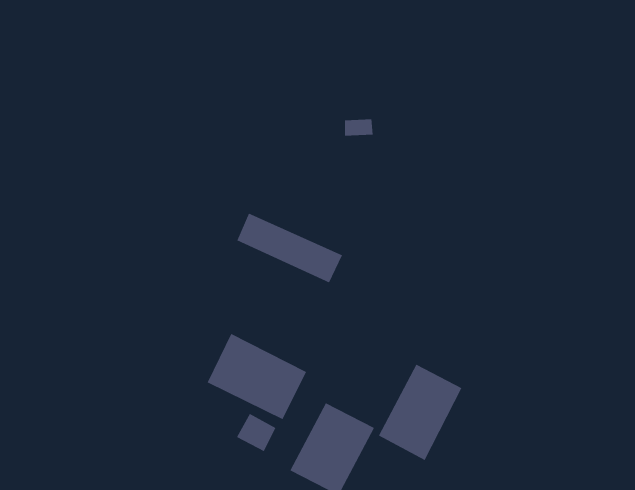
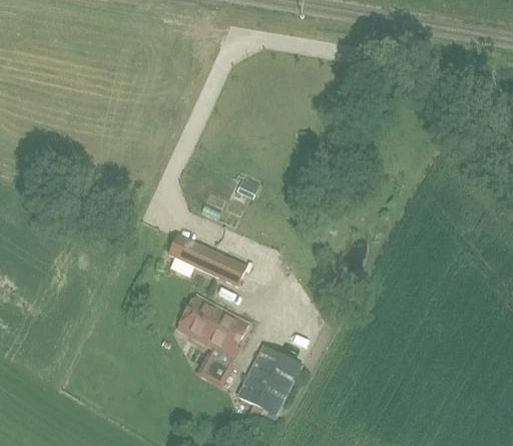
building: [236,213,343,283] -> [166,233,246,286]
building: [378,364,462,461] -> none

